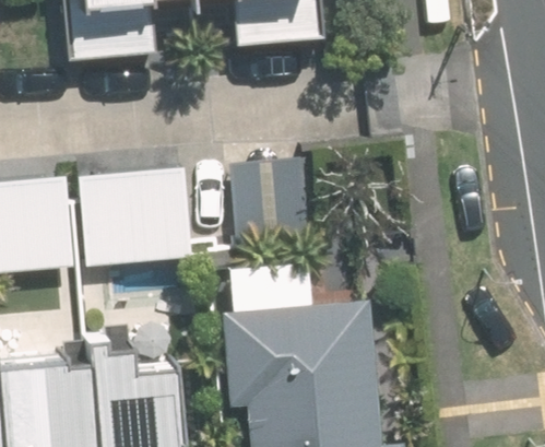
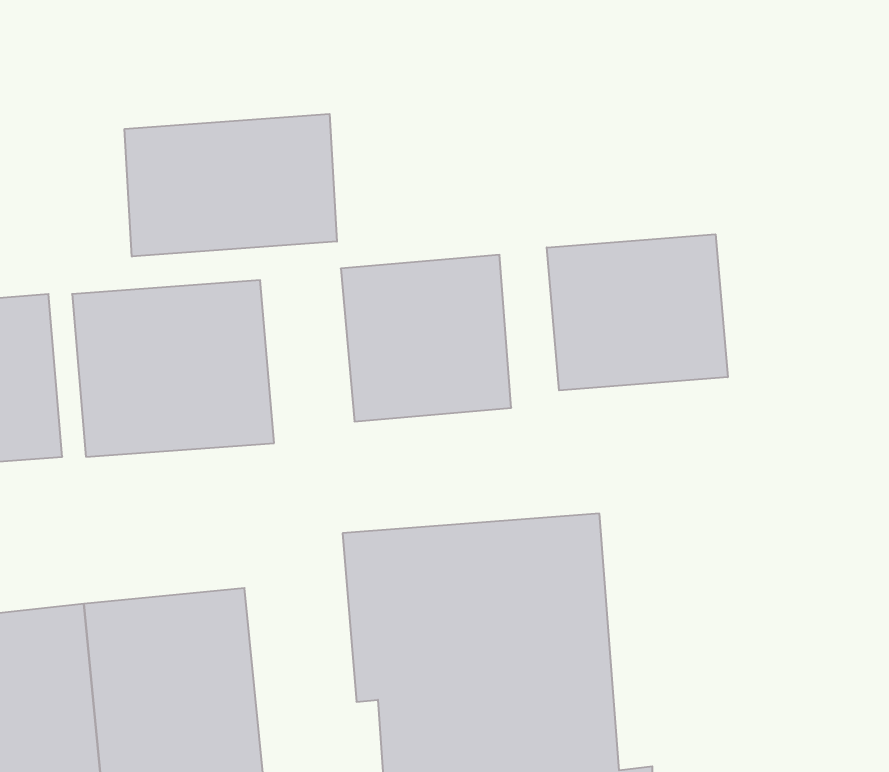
building: none -> [125,114,337,257]
building: none -> [547,234,728,390]

